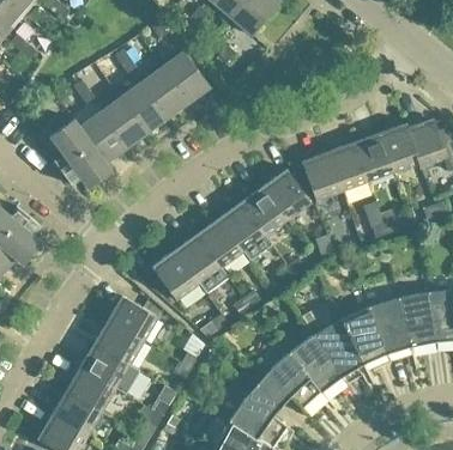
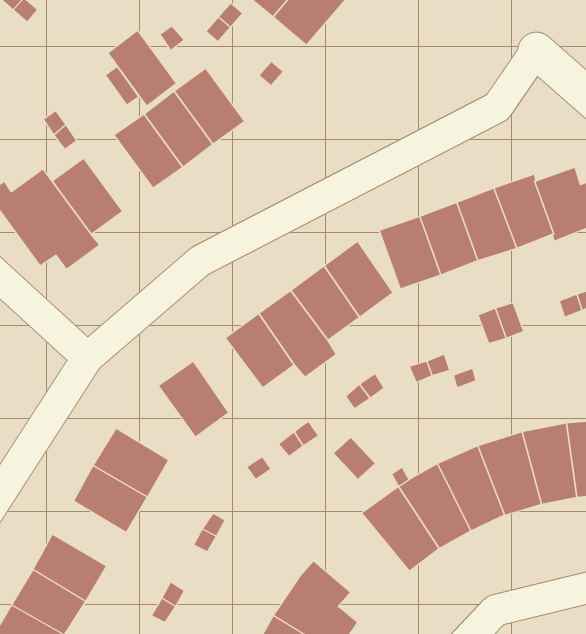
building: [101,96,147,147] -> [108,30,177,106]
building: [175,233,228,292] -> none
building: [79,343,139,394] -> none
building: [256,352,321,408] -> none

